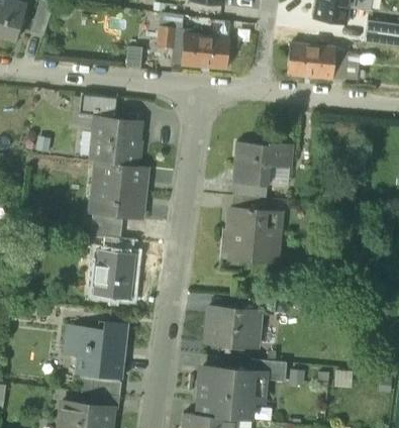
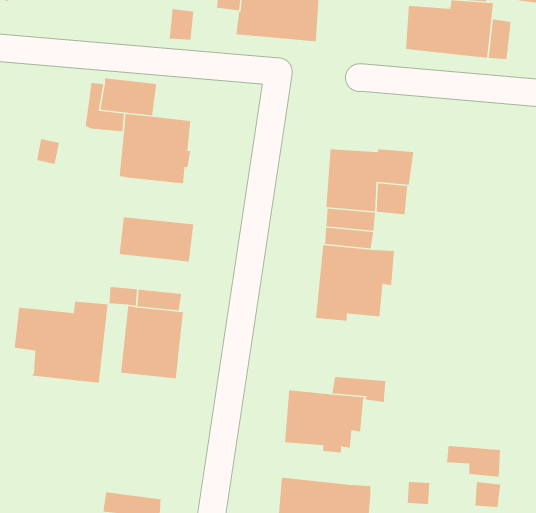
building: [94,162,145,193] -> none
building: [90,214,122,237] -> none
building: [63,321,127,378] -> [14,301,108,384]
building: [248,358,286,381] -> [446,445,501,478]

